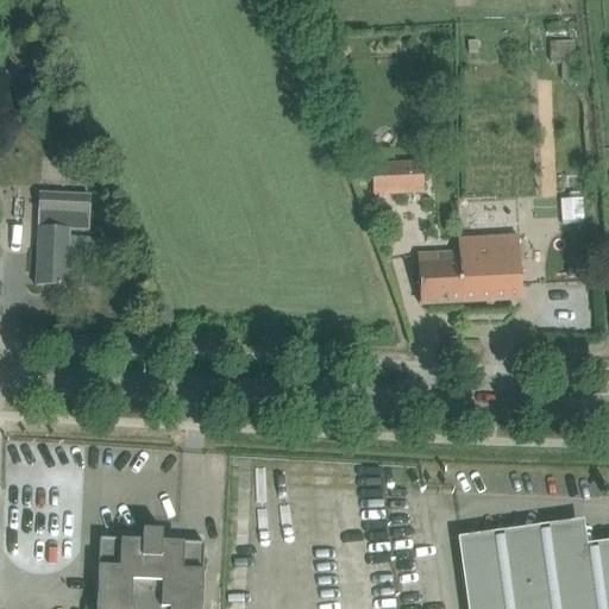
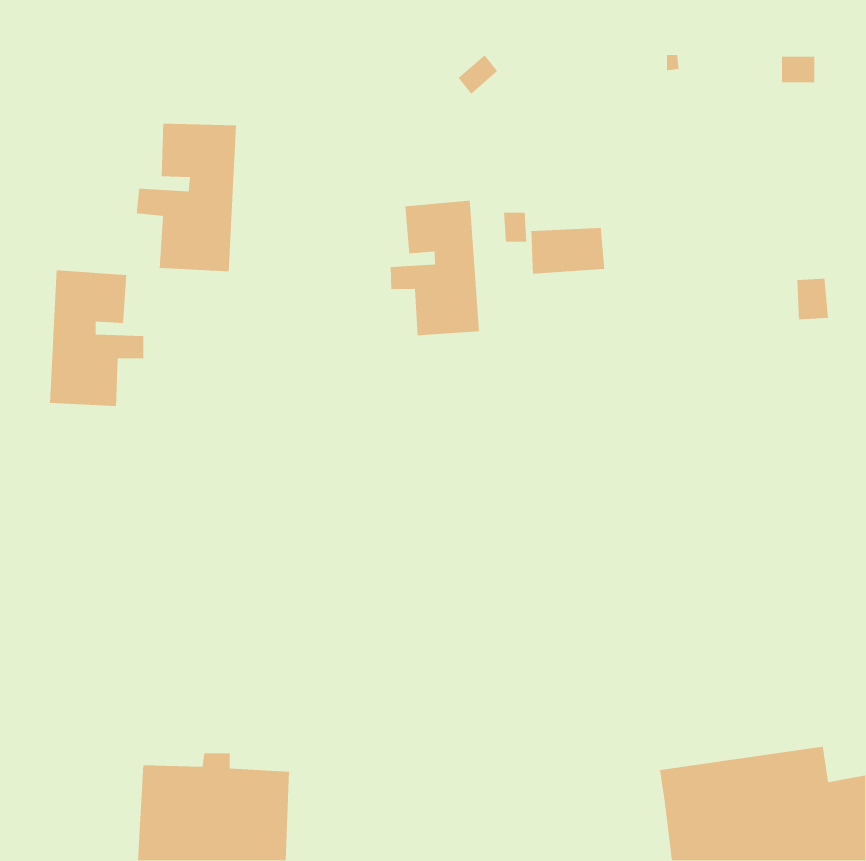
building: none -> [136,123,237,272]
building: none -> [390,200,480,336]
building: [417,233,521,303] -> none

